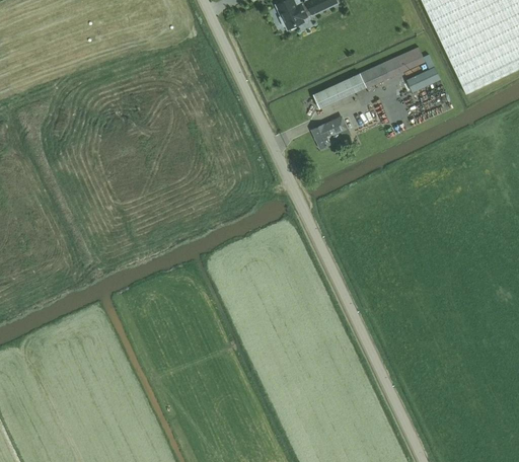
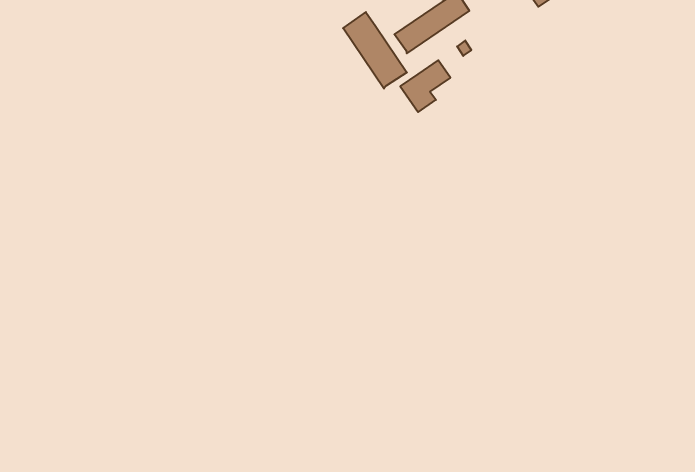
building: none -> [343,12,407,89]

